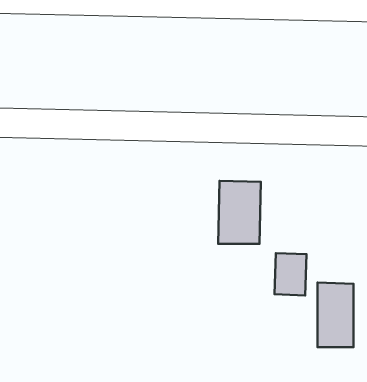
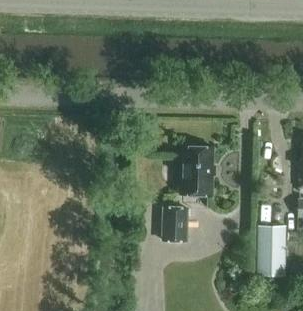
building: [274,253,307,296] -> [162,207,187,240]

